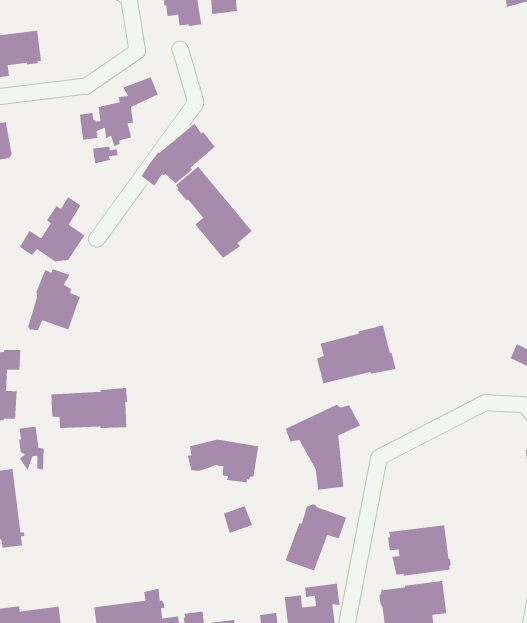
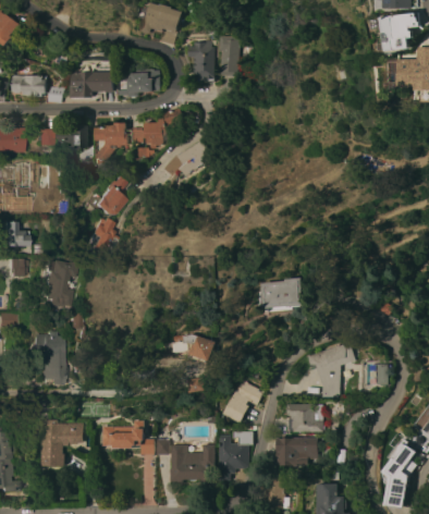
building: none -> [118,70,160,97]
building: none -> [95,123,132,162]
building: [175,166,253,259] -> none
building: [51,387,128,429] -> none
building: [285,404,361,491] -> [307,345,354,396]

